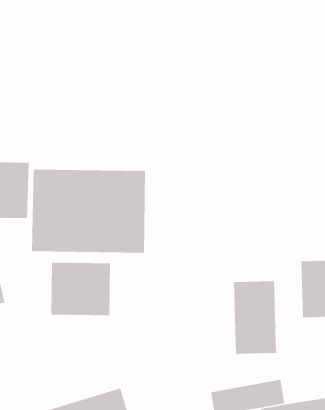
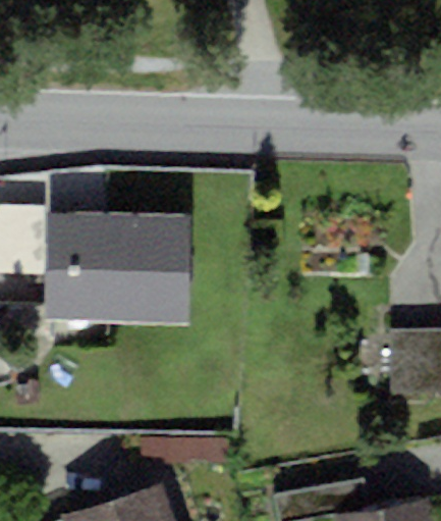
building: [50,262,111,316] -> none
building: [233,281,277,354] -> none

